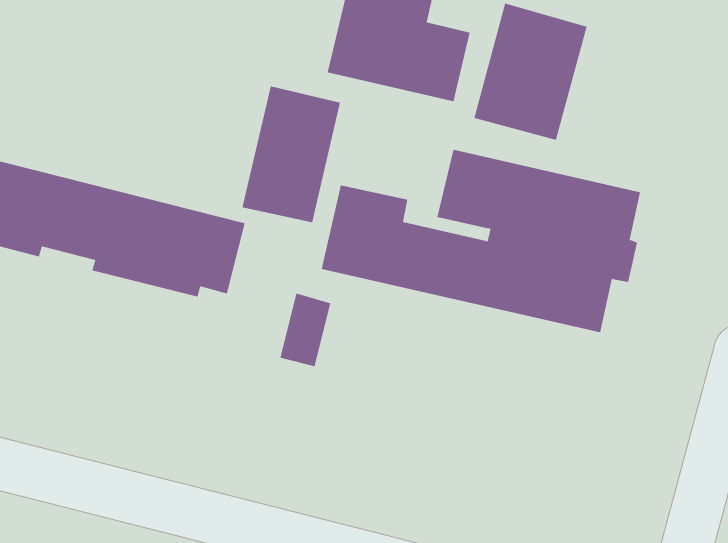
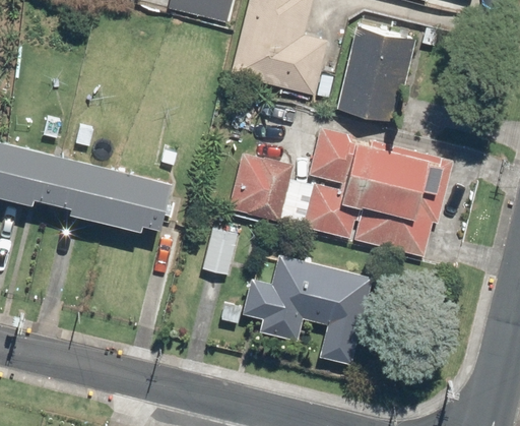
building: [242,86,340,223] -> none
building: none -> [245,256,371,364]

